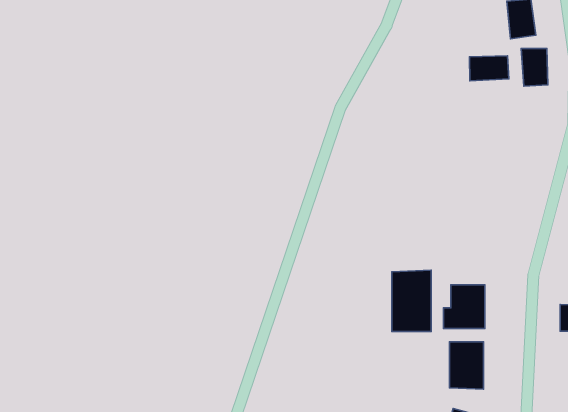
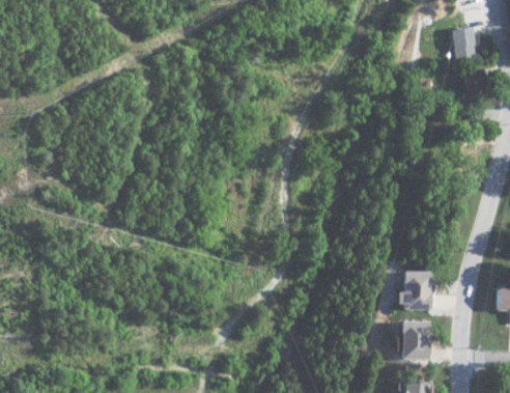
building: [470,56,509,81] -> none
building: [392,270,431,332] -> none

